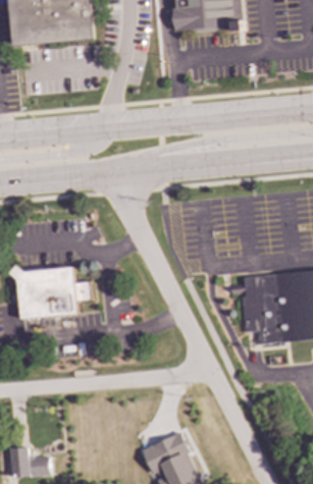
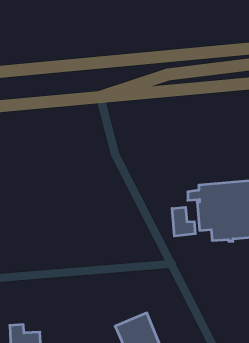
building: [9,264,92,318] -> none
building: none -> [172,207,195,236]

